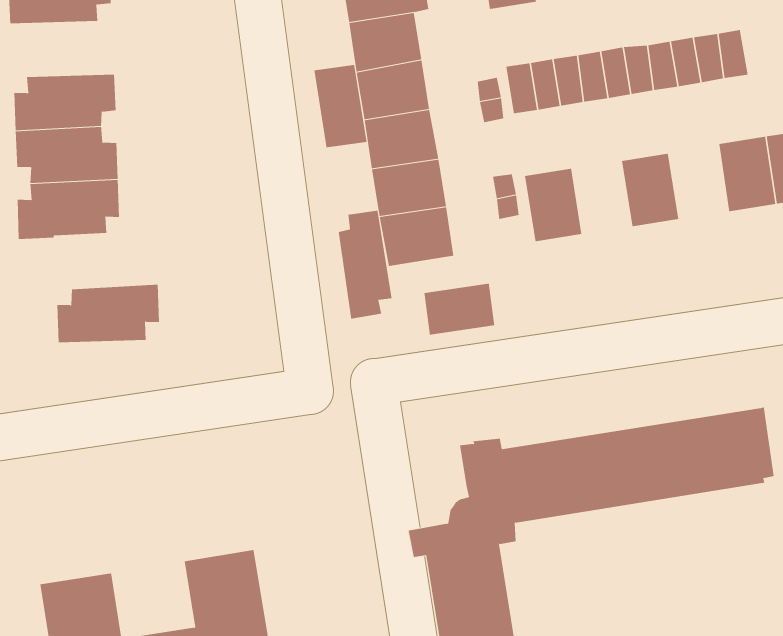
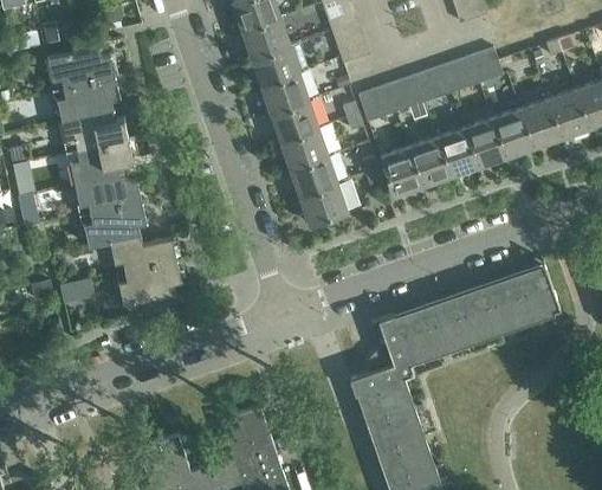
building: none -> [60,111,128,151]
building: [314,64,367,148] -> none
building: none -> [462,120,504,168]
building: none -> [407,140,448,187]
building: [338,210,392,319] -> none
building: none -> [109,236,175,272]
building: [424,283,495,336] -> none

